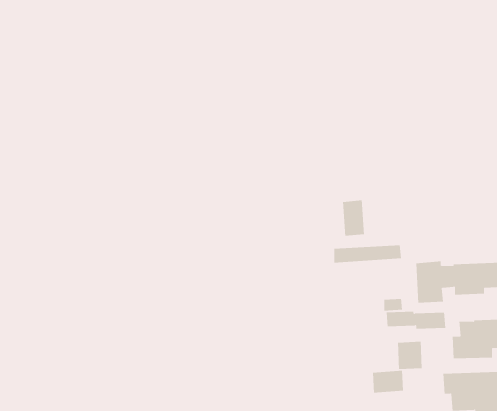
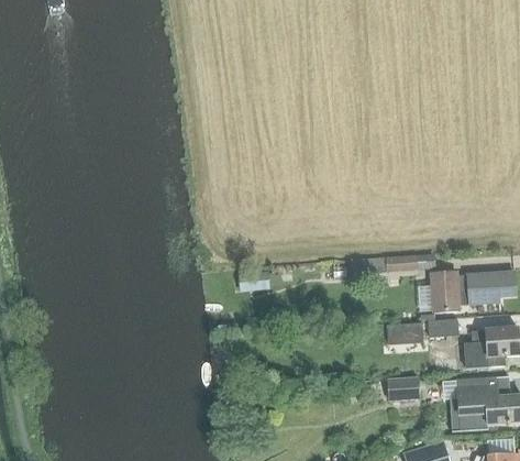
building: [342,200,365,237] -> none
building: [397,341,422,370] -> none

